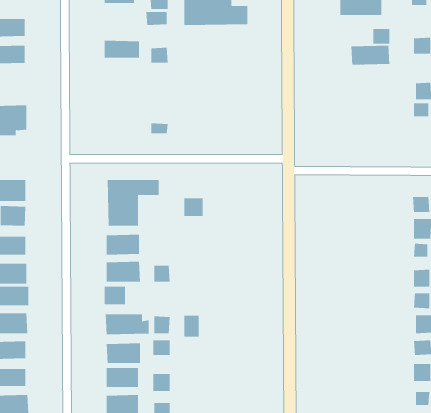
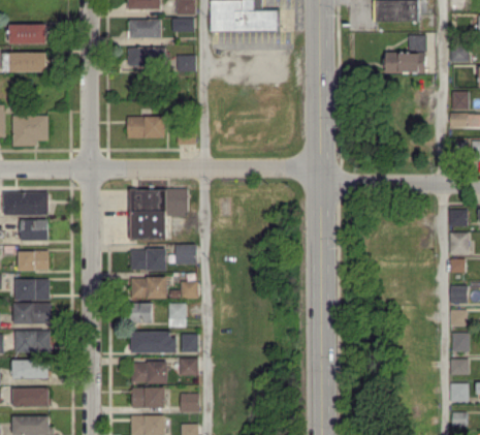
building: none -> [128,19,162,38]
building: none -> [127,117,165,138]
building: [184,198,204,217] -> [175,245,196,265]
building: [184,315,200,337] -> [168,304,185,327]

